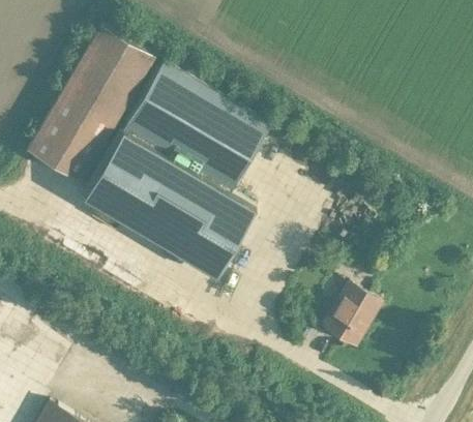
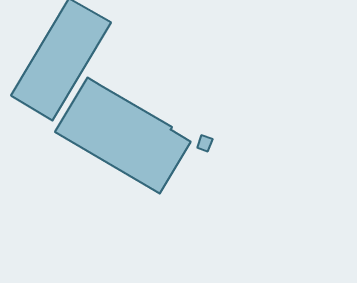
building: [124,62,270,190] -> none
building: [322,284,381,348] -> none

